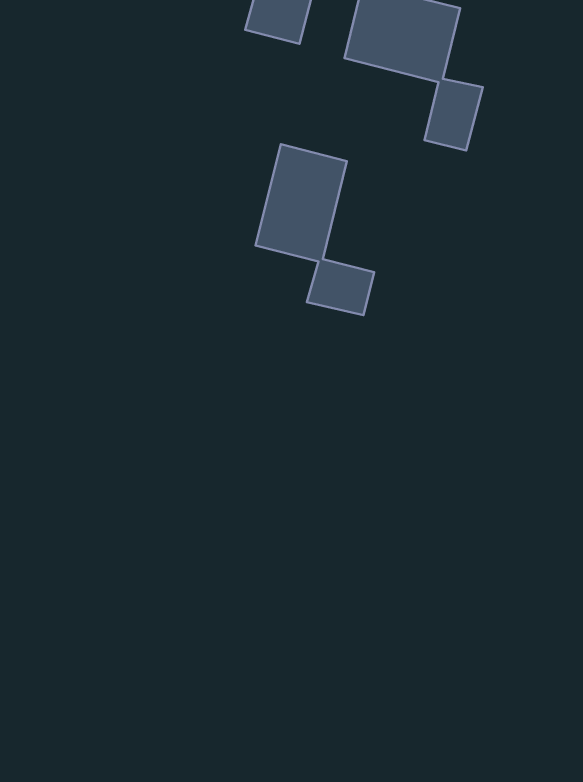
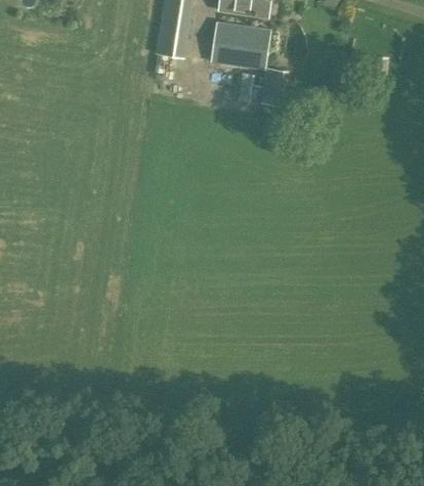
building: [256,144,374,315] -> none

